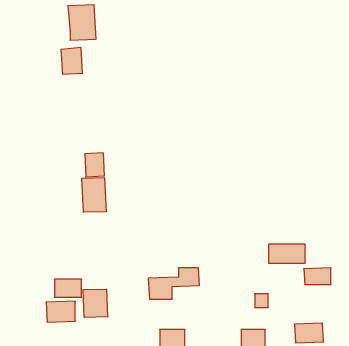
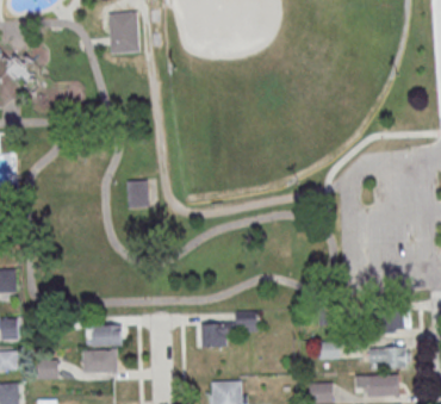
building: [61,47,82,74] -> none
building: [82,178,106,212] -> none
building: [269,244,305,263] -> [368,347,410,368]
building: [83,289,107,317] -> none

